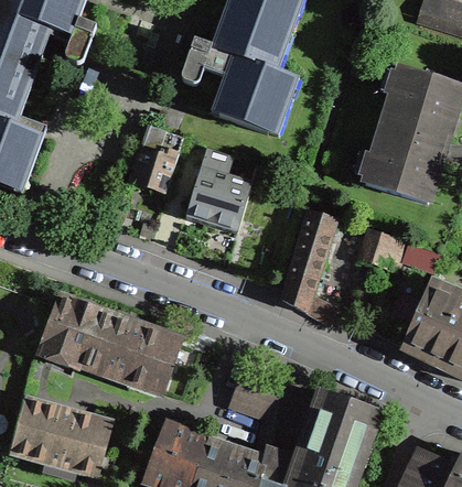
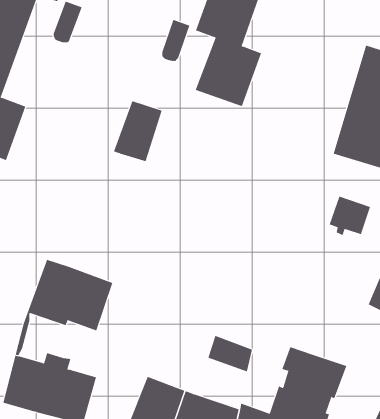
building: [185,147,251,232] -> none
building: [282,210,335,326] -> none
building: [111,323,181,393] -> none

